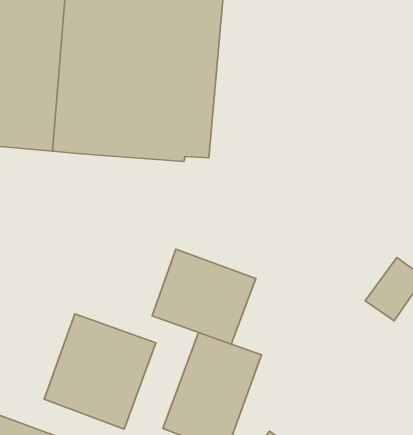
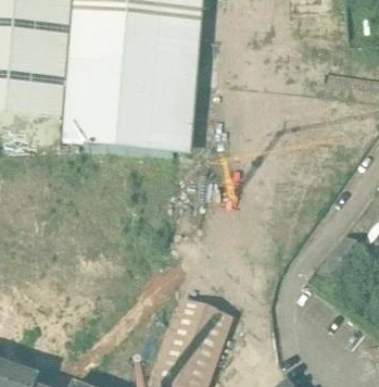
building: [152,249,256,344] -> none
building: [44,314,156,429] -> none

